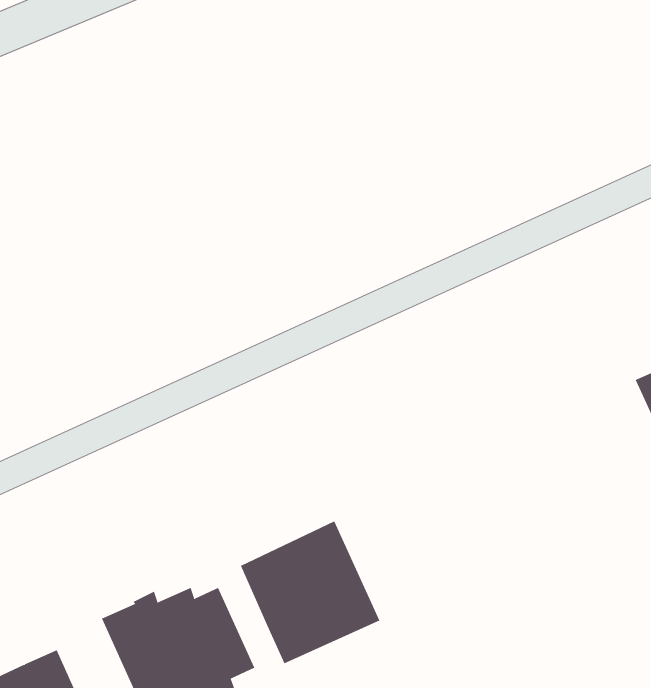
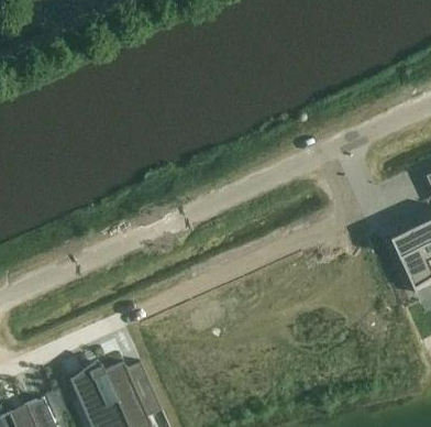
building: [240,521,380,664] -> none

